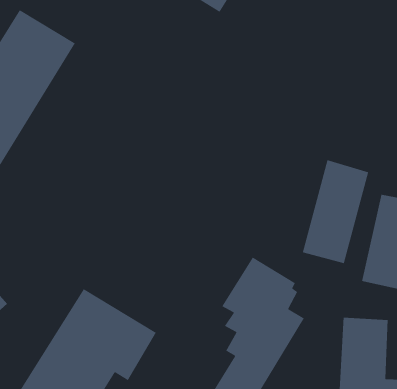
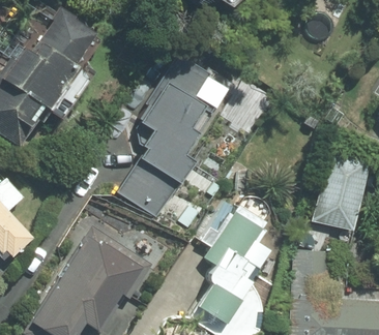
building: none -> [122,57,215,220]
building: [302,159,369,264] -> none

